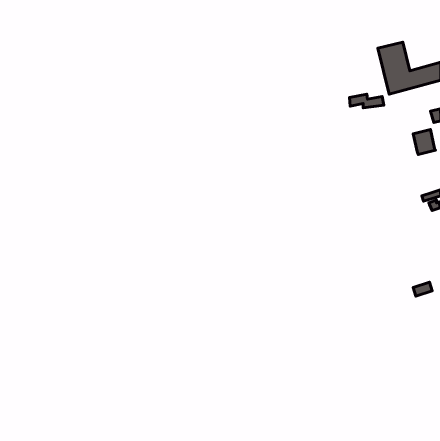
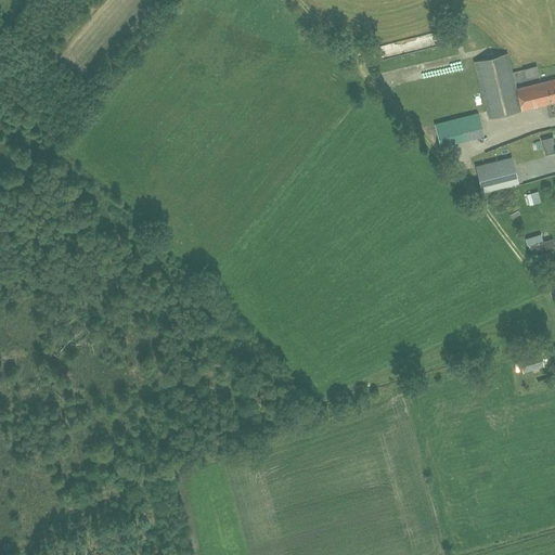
building: [413,130,436,155] -> [477,162,505,193]

